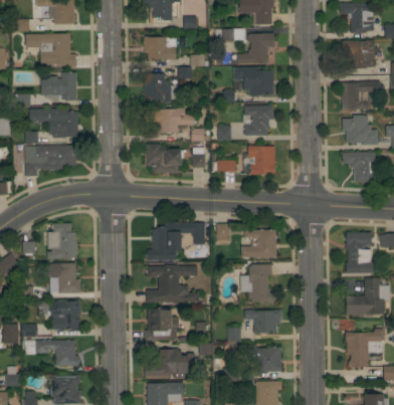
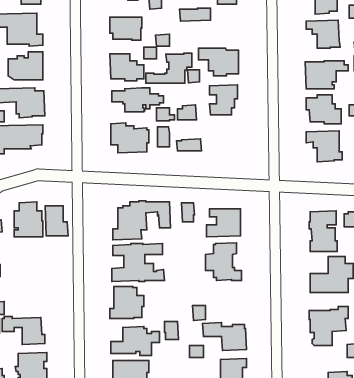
building: [227,33,273,63] -> [146,53,192,83]
building: [243,147,274,175] -> none
building: [57,263,80,293] -> [45,206,68,236]
building: [50,301,79,331] -> none
building: [244,310,281,334] -> none

